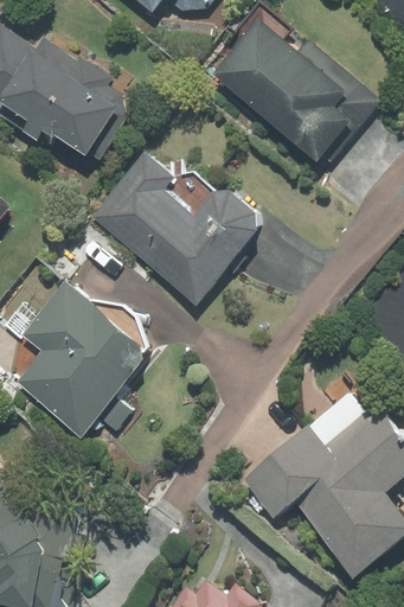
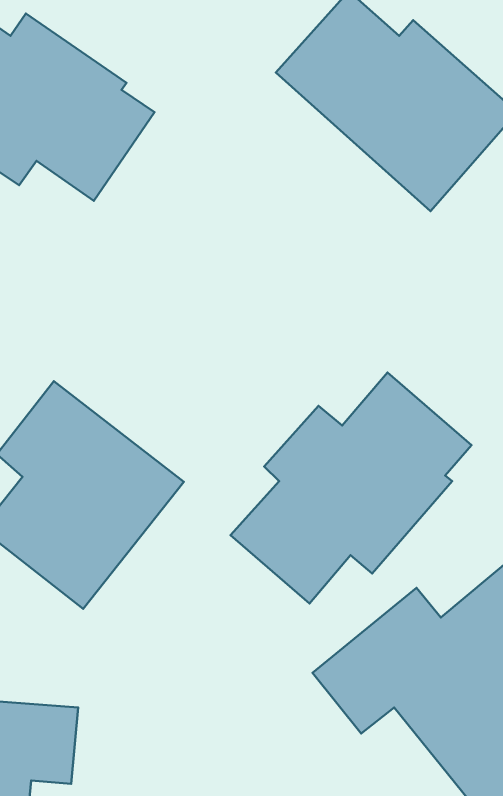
building: [89,151,261,307] -> none
building: none -> [230,373,471,604]

